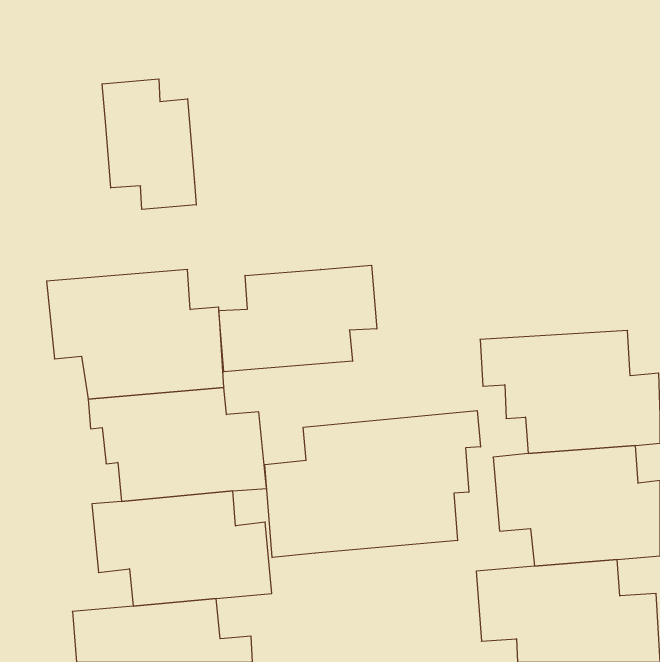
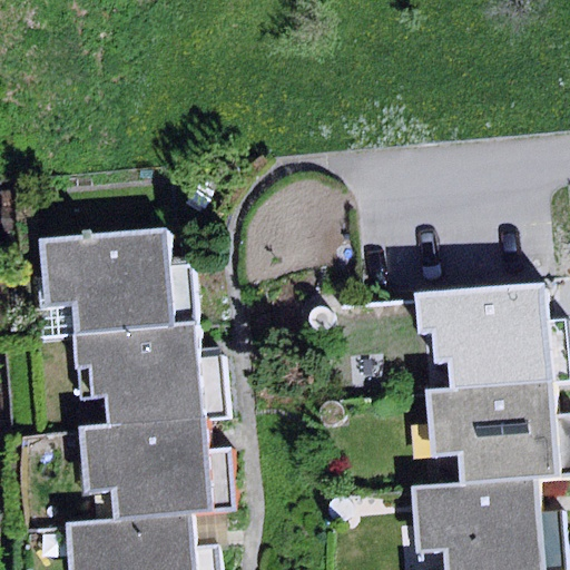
building: [102,79,196,209] -> none
building: [219,265,377,372] -> none
building: [265,411,481,558] -> none

